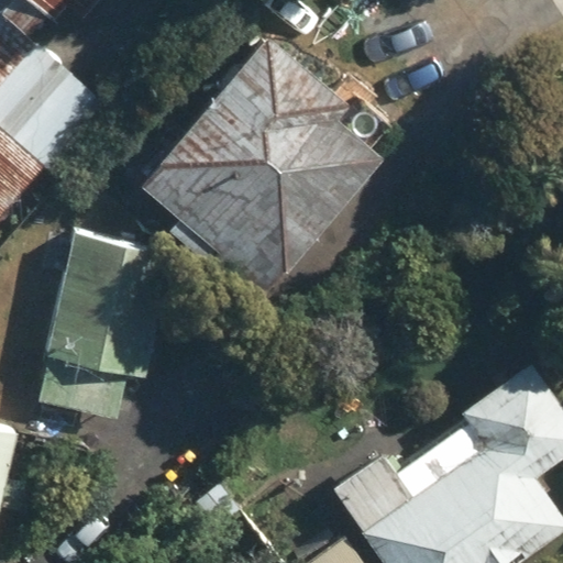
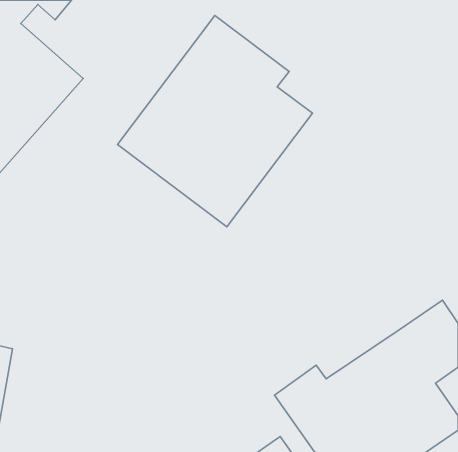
building: [37,234,168,421] -> none

